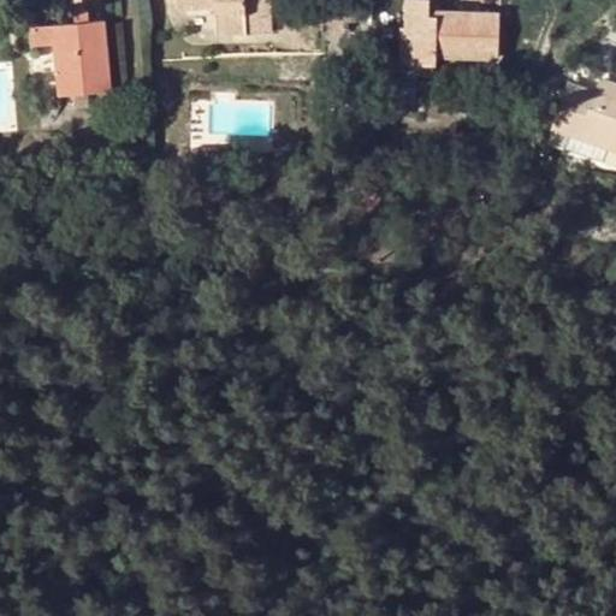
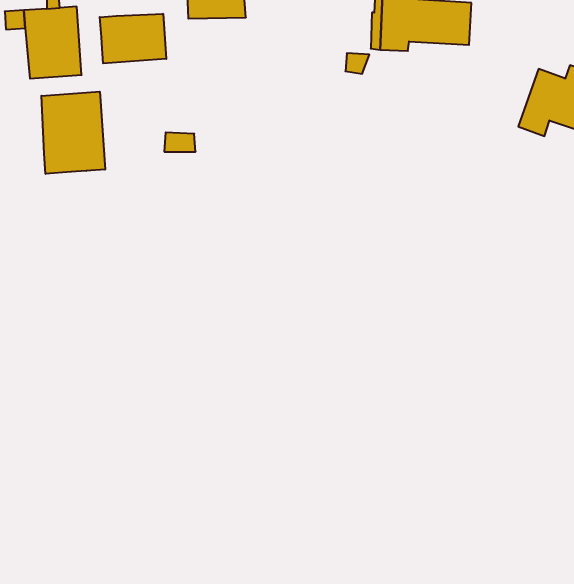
building: none -> [100,14,166,63]
building: none -> [41,92,105,174]

